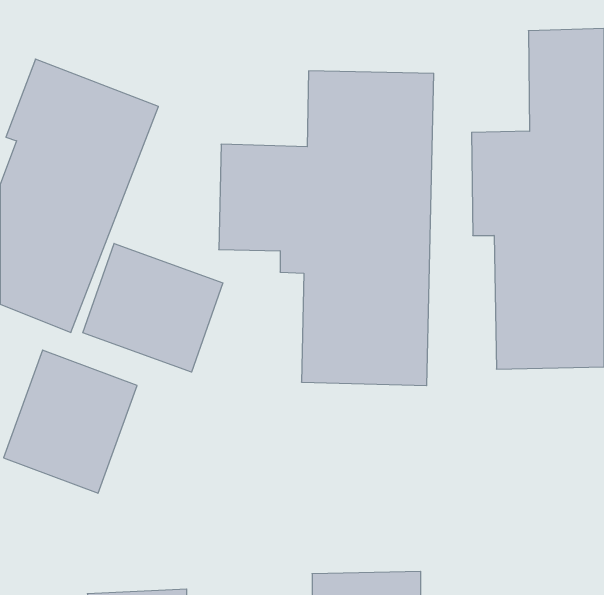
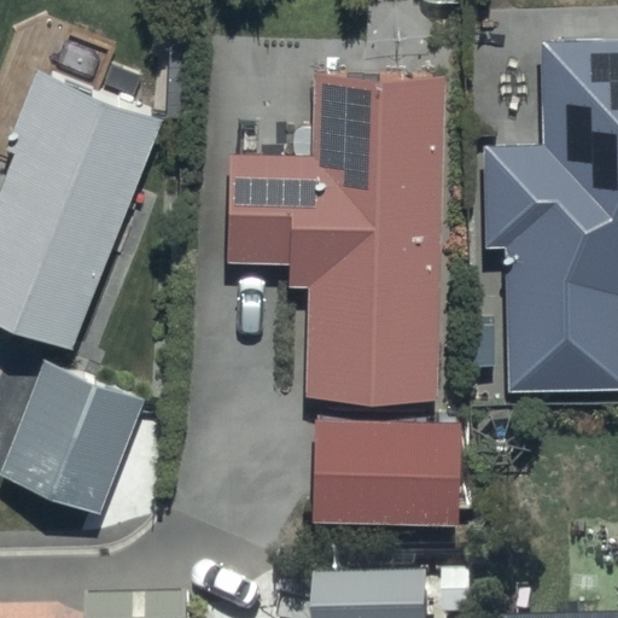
building: [83,243,223,372] -> none
building: none -> [308,421,456,527]

